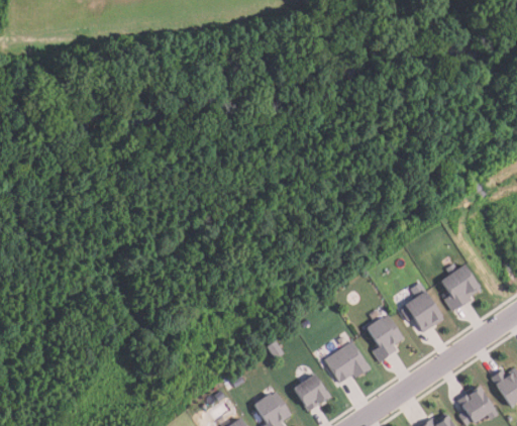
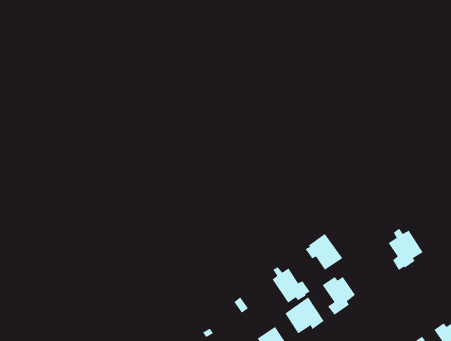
building: [401,291,444,333] -> [305,233,343,271]
building: none -> [272,266,310,304]

